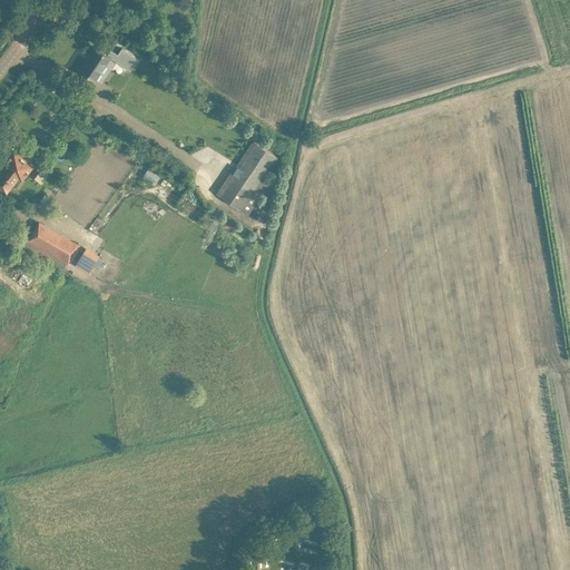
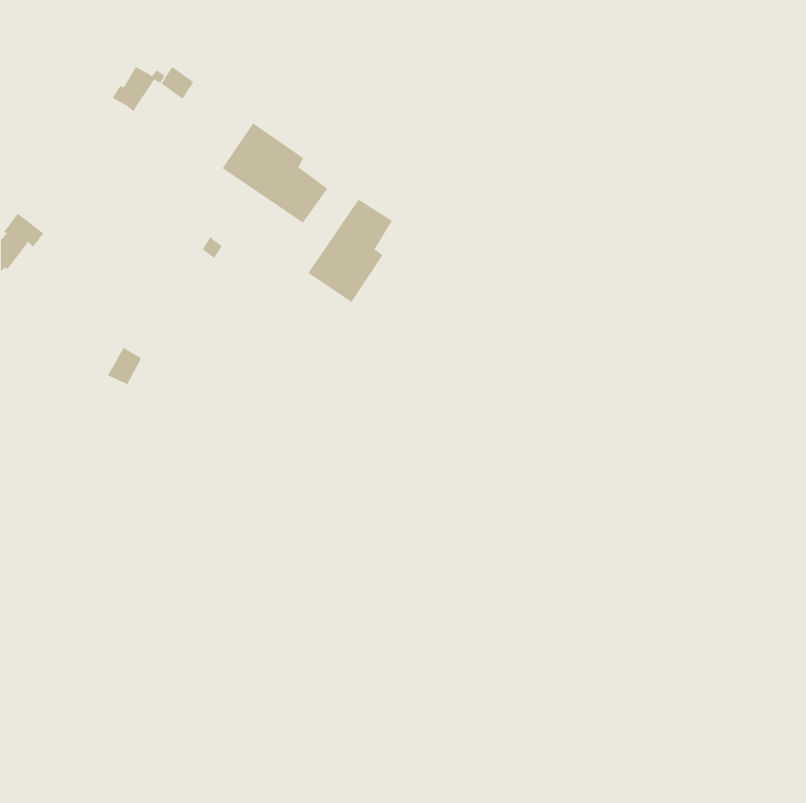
building: none -> [222,122,328,223]
building: [28,224,78,265] -> none

